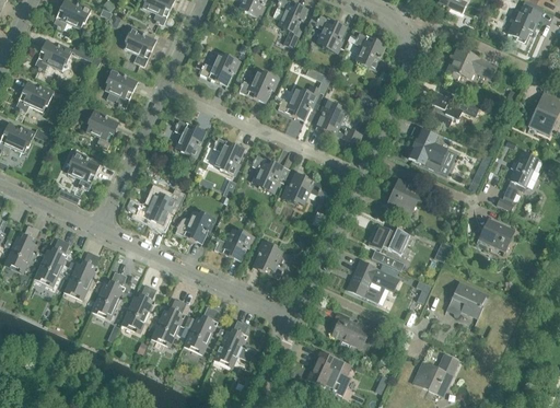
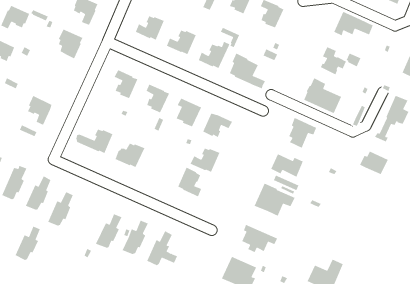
building: [85,112,118,150] -> none
building: [213,229,252,260] -> [189,147,220,173]
building: [452,281,487,318] -> none
building: [121,285,154,329] -> [14,225,41,261]

